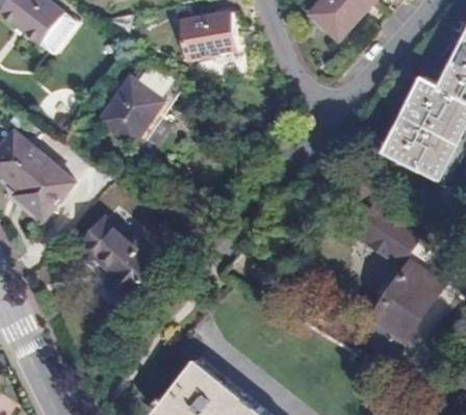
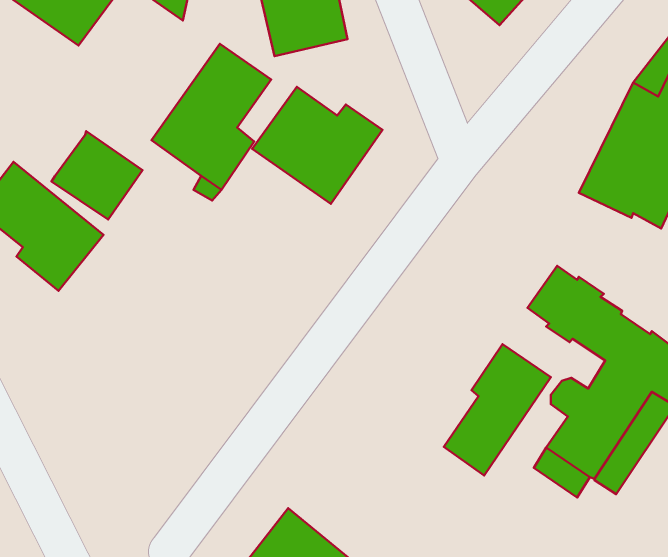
building: none -> [252,87,383,204]
building: none -> [51,131,143,219]
building: [80,218,160,303] -> none
building: none -> [444,344,551,476]

